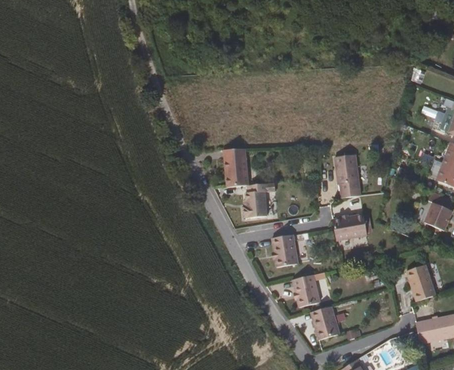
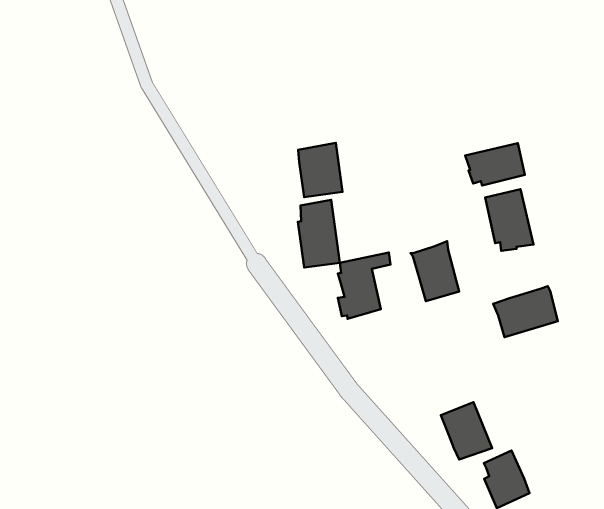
building: none -> [298,143,342,197]
building: none -> [465,143,525,185]
building: [271,232,296,265] -> [411,241,459,301]

